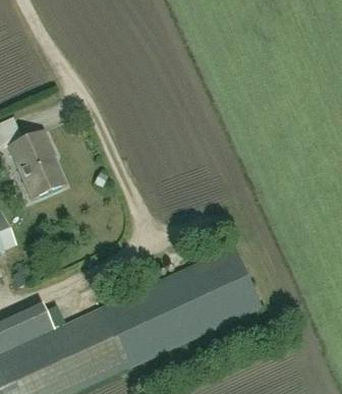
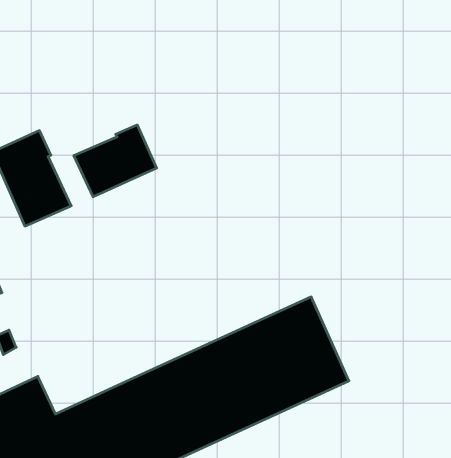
building: none -> [74,125,157,197]

